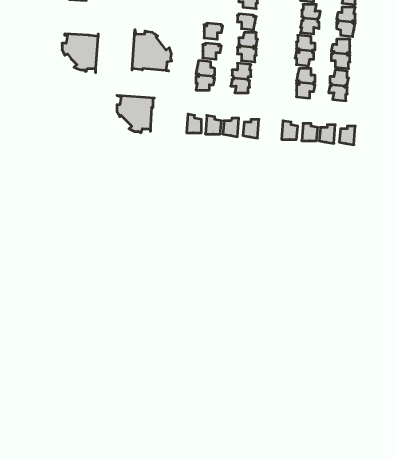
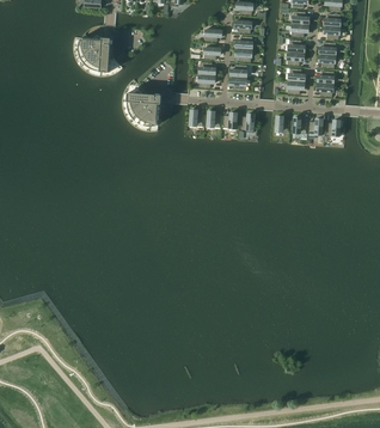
building: [132,30,172,71] -> none

